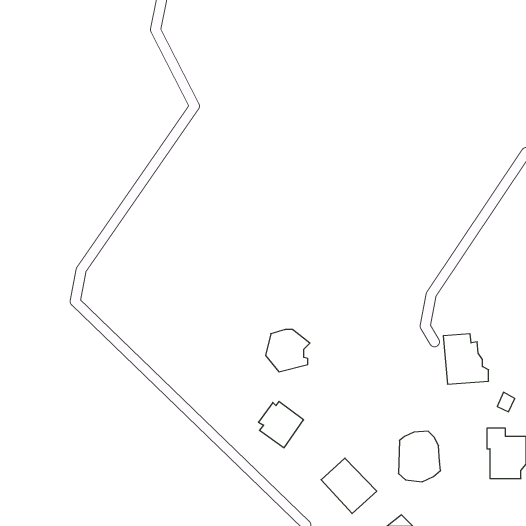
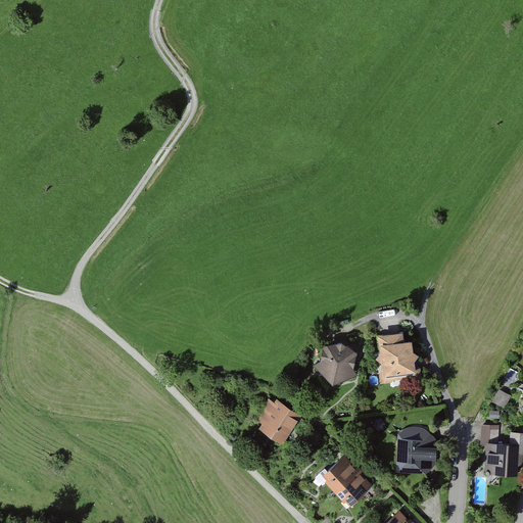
building: [266,330,310,372] -> [315,343,359,385]
building: [443,334,489,384] -> [377,334,422,384]

